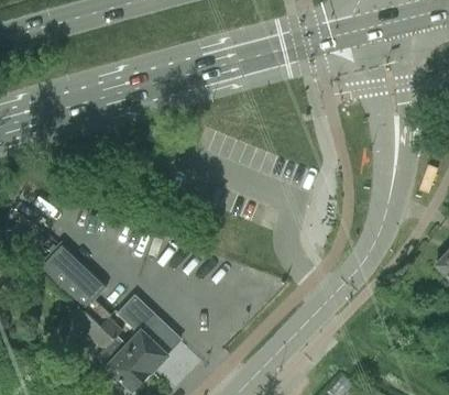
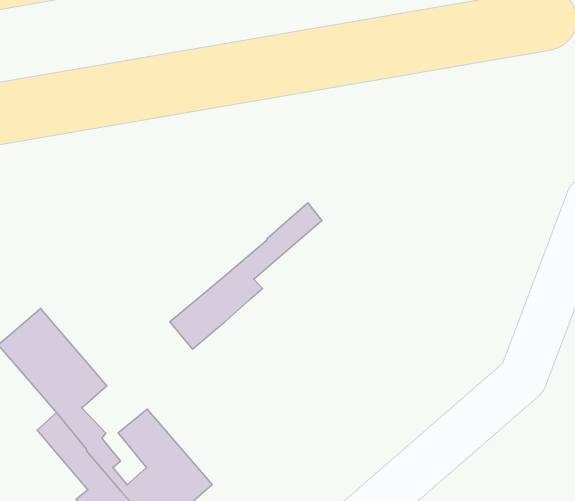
building: none -> [170,203,322,349]

